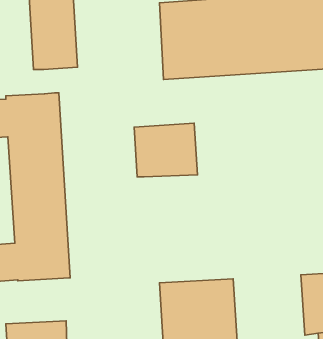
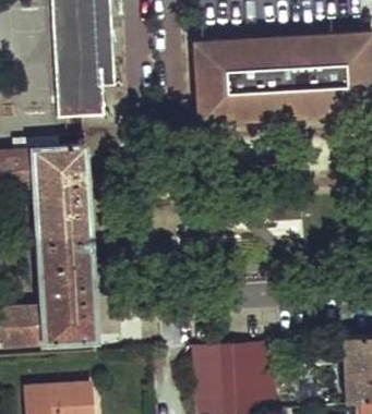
building: [134,123,198,177] -> none

